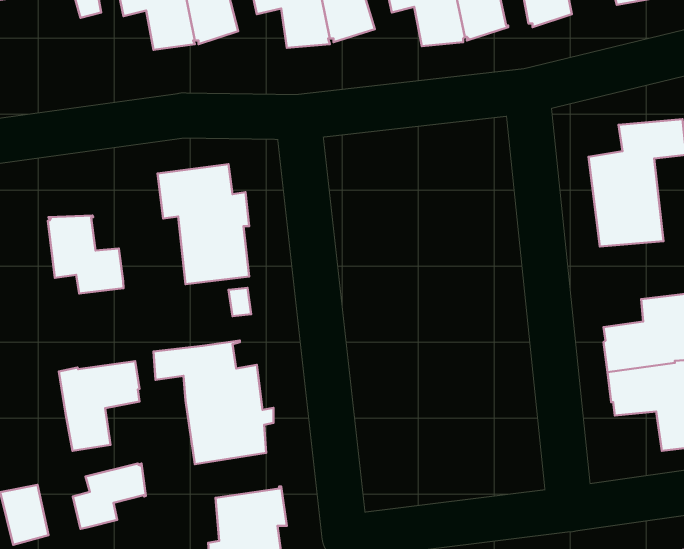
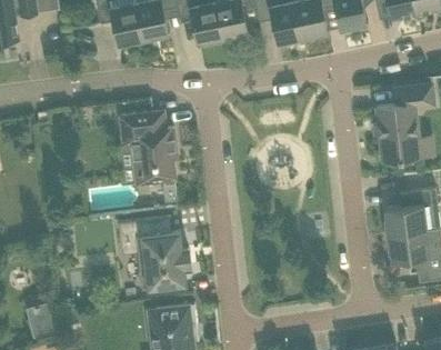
building: [48,216,124,294] -> none
building: [59,361,140,451] -> none
building: [73,463,146,529] -> none

